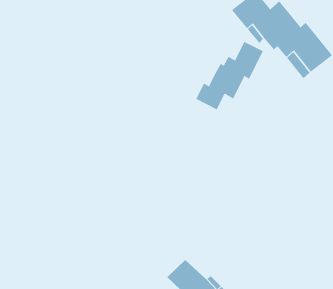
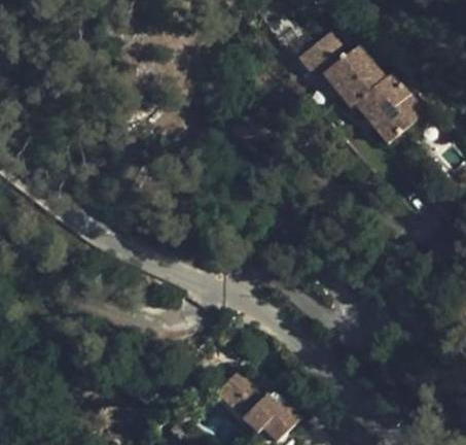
building: [195,41,264,110] -> none

